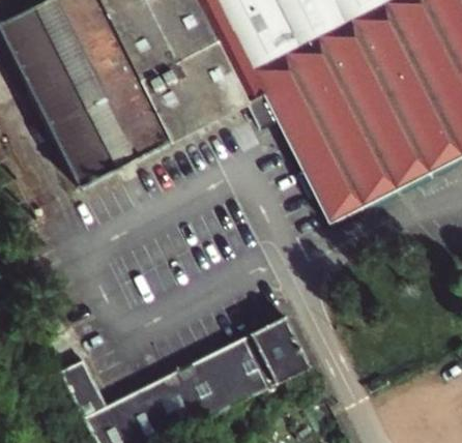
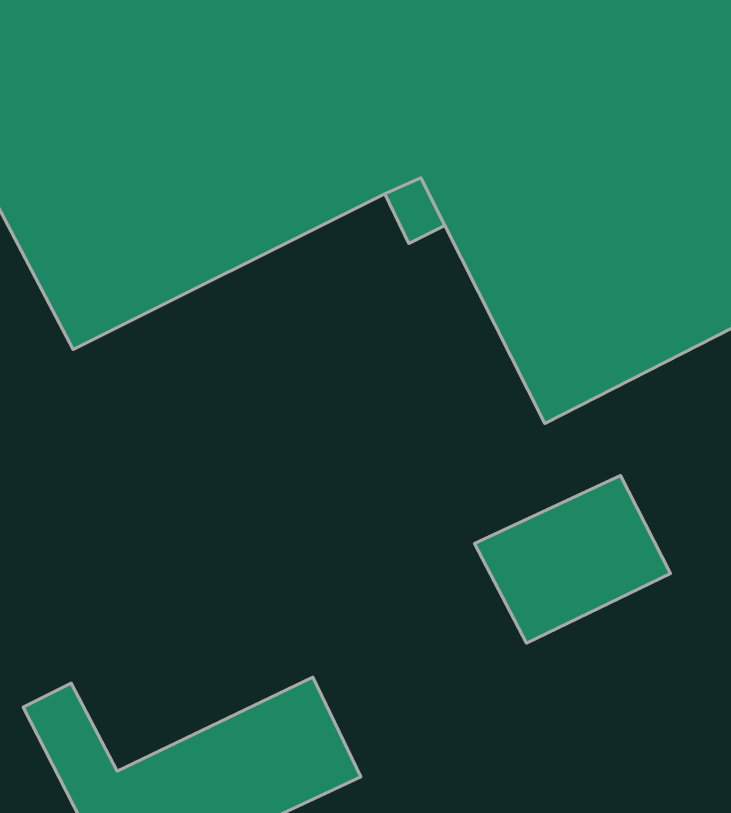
building: [209,316,311,403] -> [474,475,670,643]

